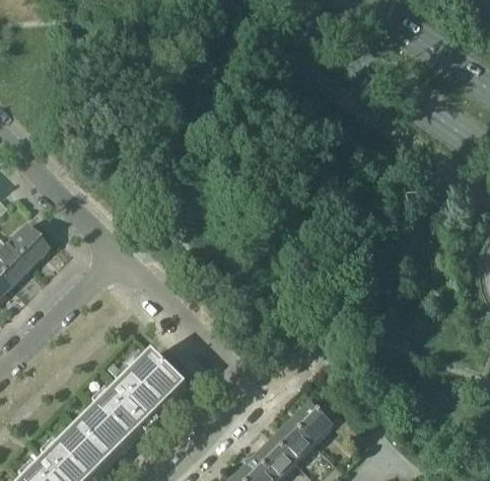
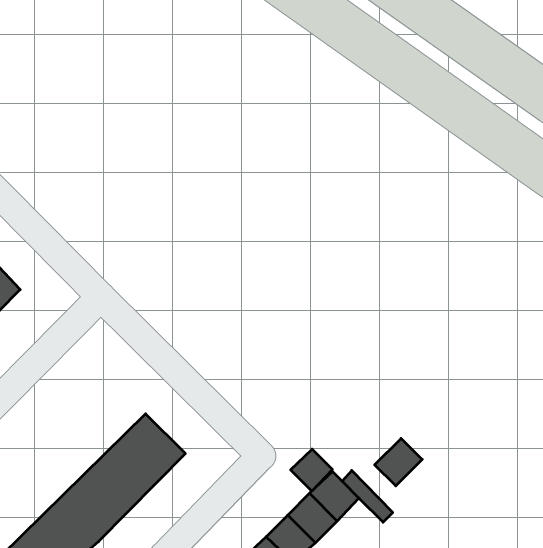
building: none -> [375,438,422,486]
building: none -> [291,449,332,491]

